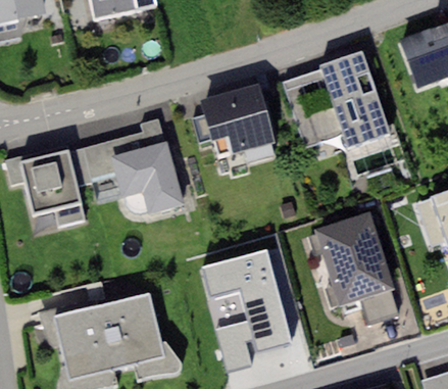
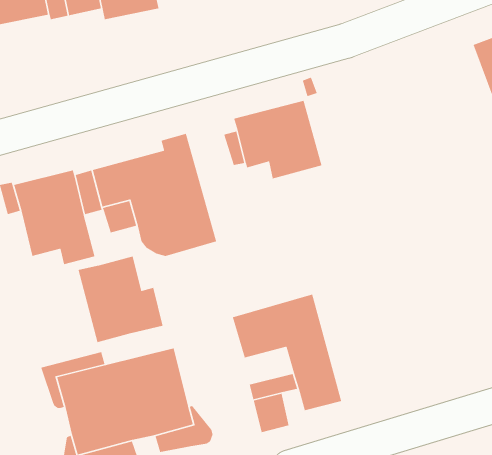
building: [284,53,393,153] -> none
building: [314,212,398,323] -> none
building: none -> [78,255,164,343]

